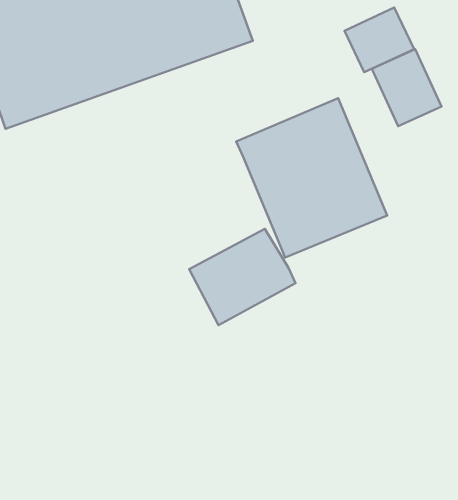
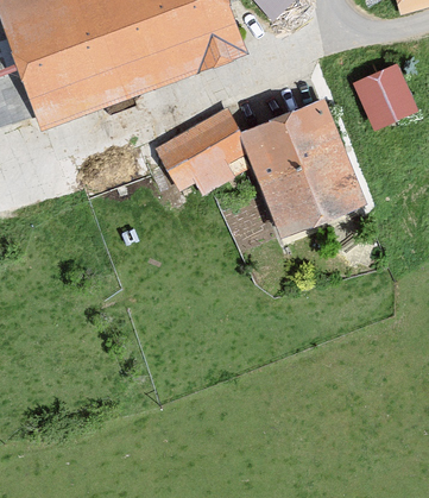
building: [344,8,414,72] -> none
building: [189,229,295,325] -> [154,111,245,193]

